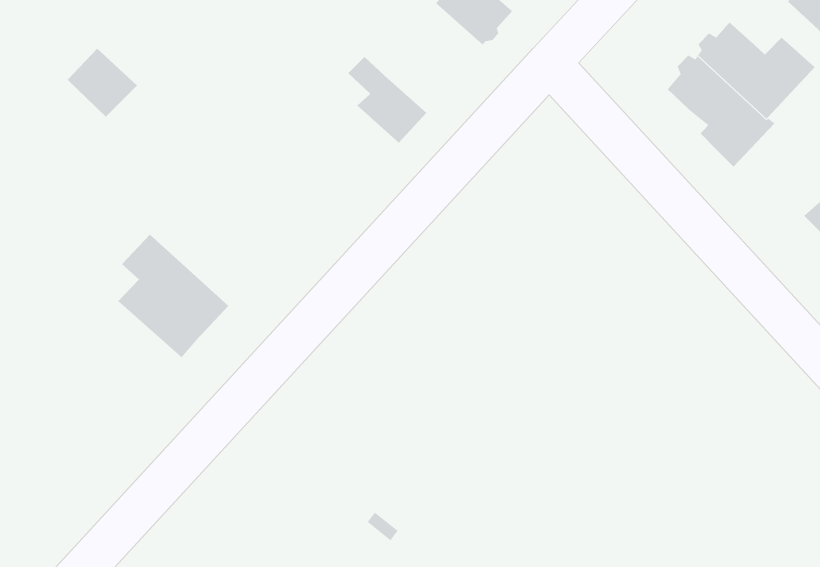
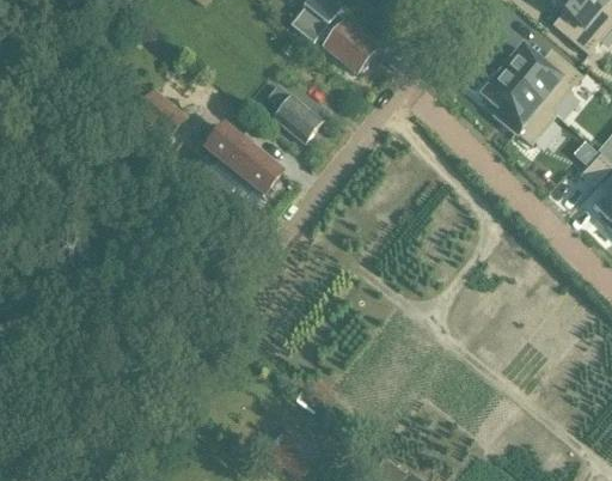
building: [67,48,138,118] -> [136,91,184,138]
building: [117,234,229,358] -> [206,124,281,207]

